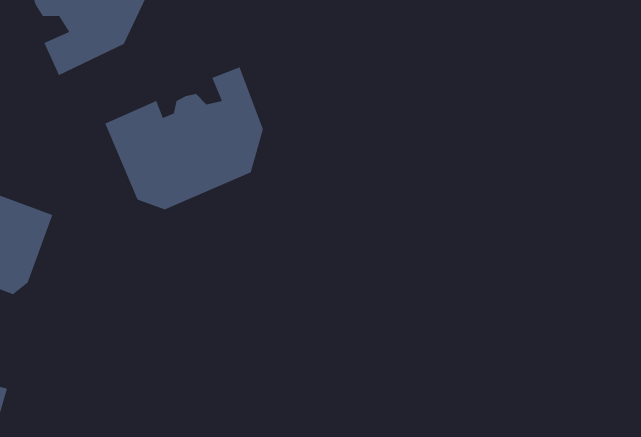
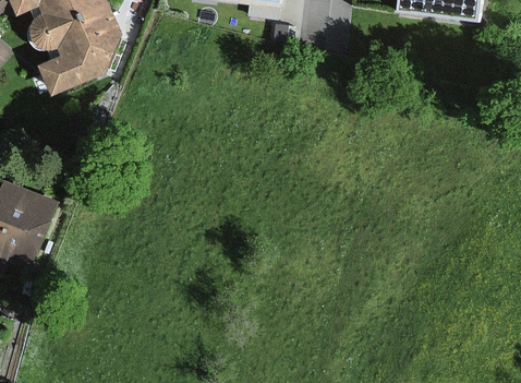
building: [104,66,263,210] -> none

